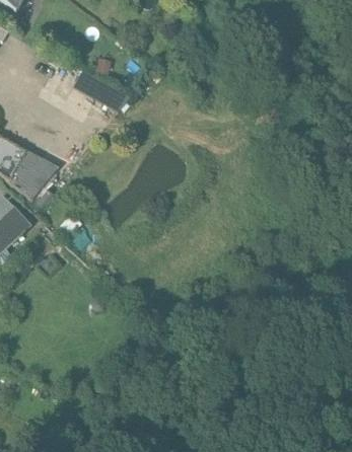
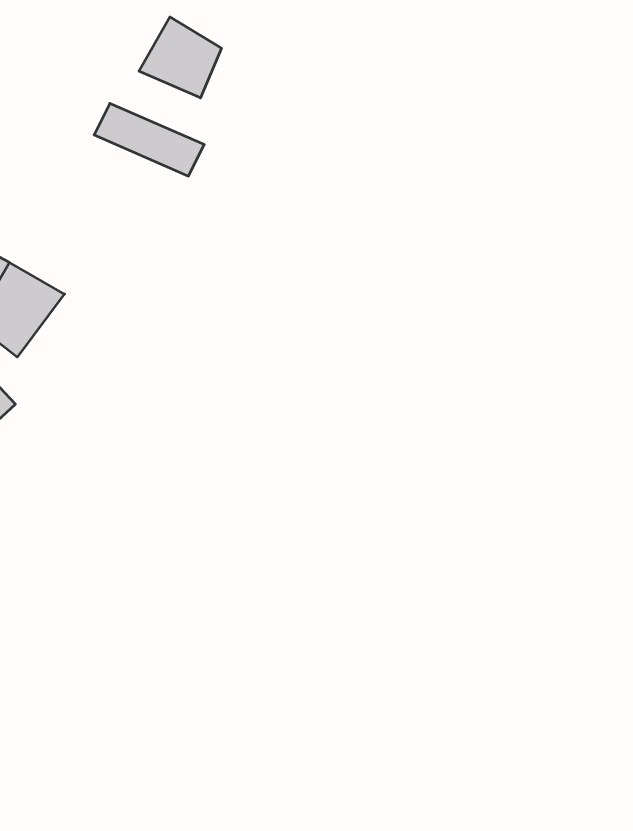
building: none -> [139,17,221,98]

